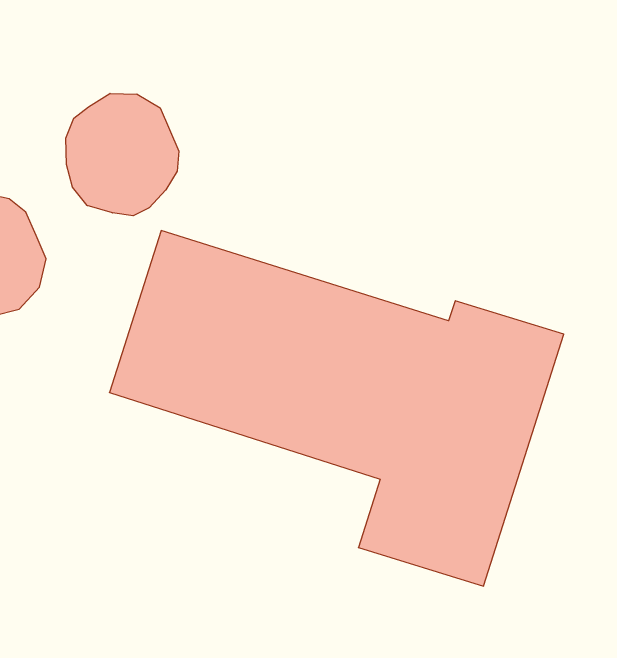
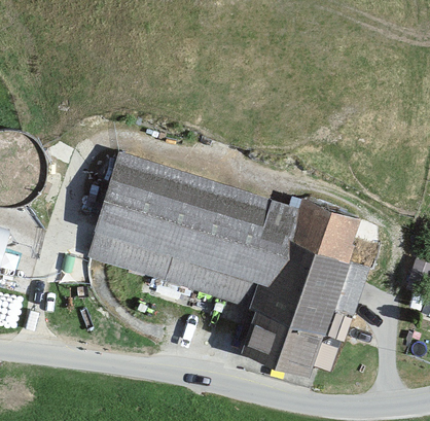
building: [66,93,179,216] -> none

